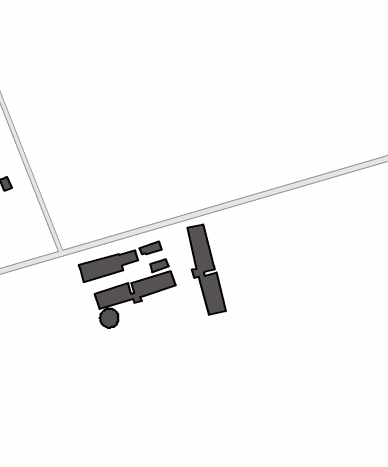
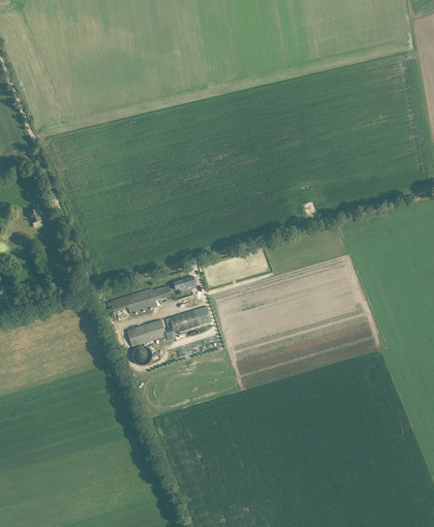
building: [187,224,226,315] -> none

